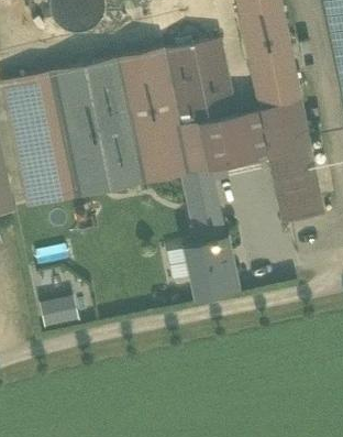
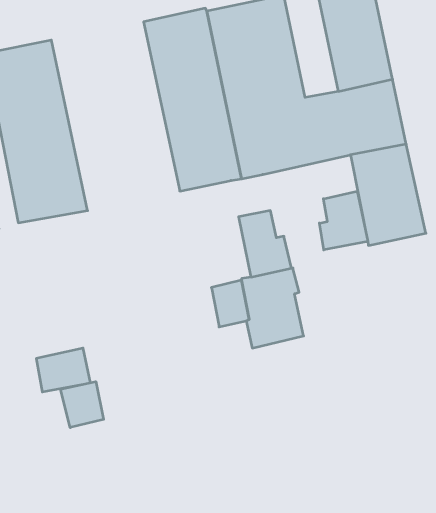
building: [52,59,145,197] -> none
building: [182,171,211,201] -> none
building: none -> [319,191,368,250]
building: none -> [61,382,104,428]

